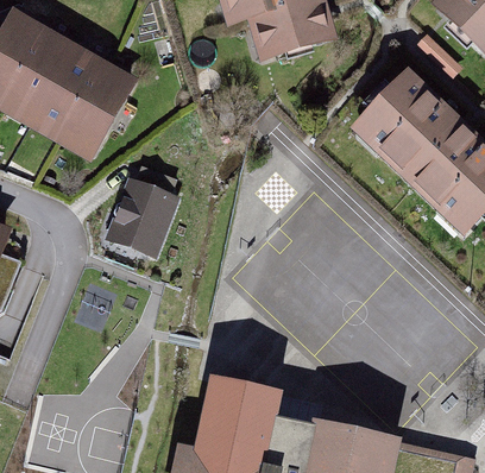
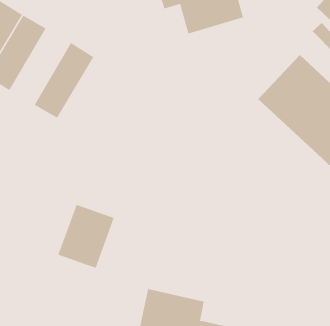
building: [31,43,109,141] -> none
building: [99,181,172,264] -> [58,204,115,268]

